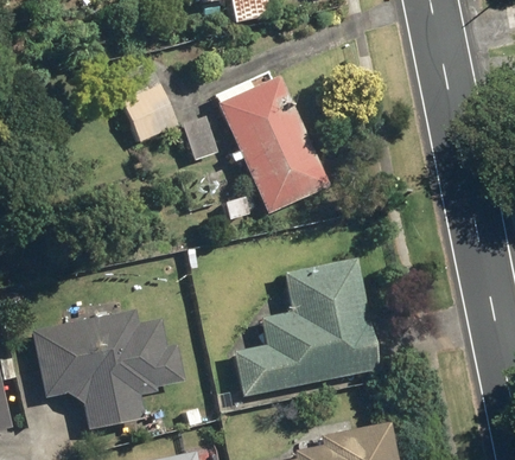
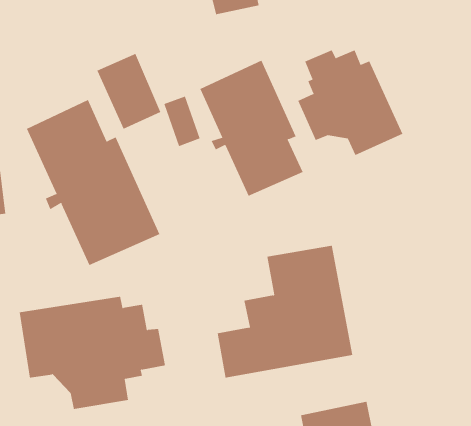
building: none -> [298,50,403,156]
building: none -> [26,99,160,266]

